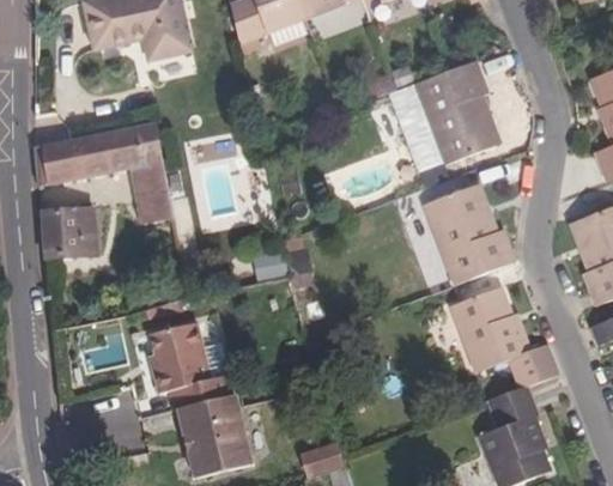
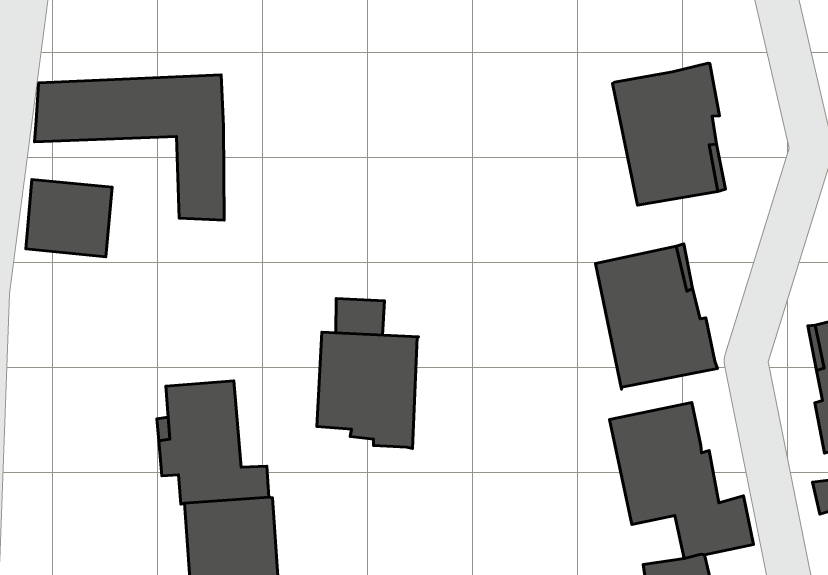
building: [389,84,444,171] -> none
building: none -> [317,332,418,448]

